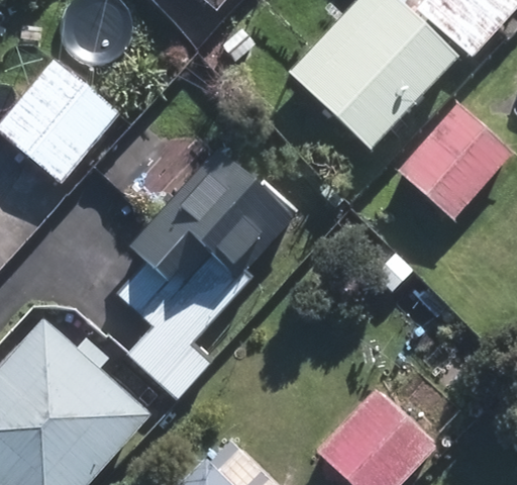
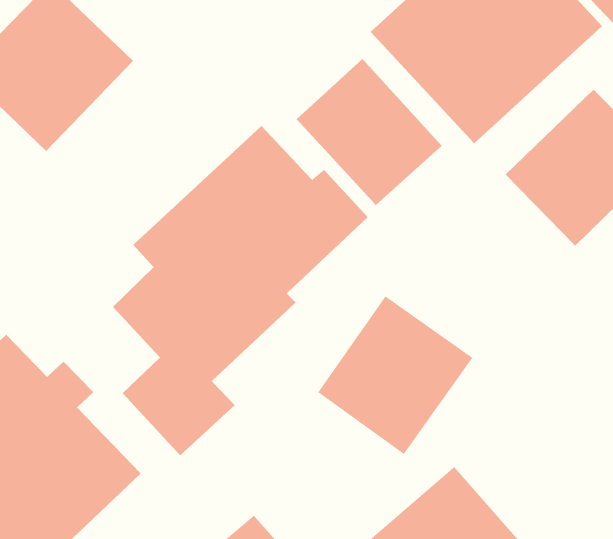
building: none -> [296,58,442,206]
building: none -> [318,296,473,455]

